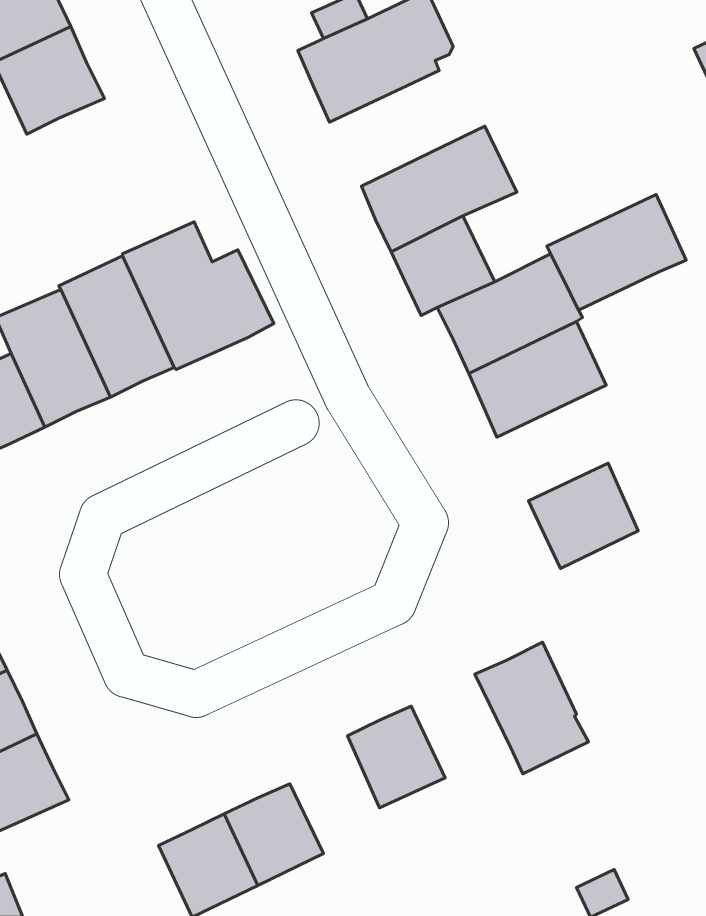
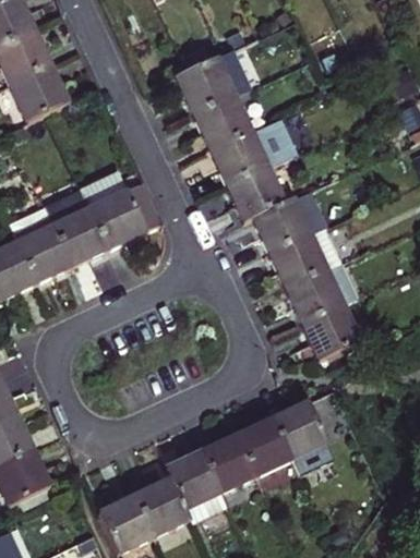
building: none -> [193,97,249,150]
building: [547,194,686,310] -> [285,259,361,323]
building: none -> [238,417,292,474]
building: none -> [167,451,228,522]

